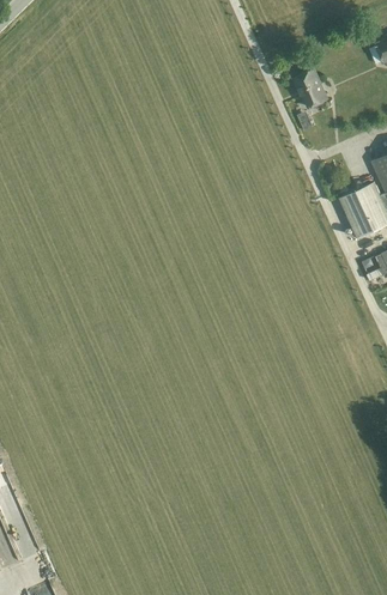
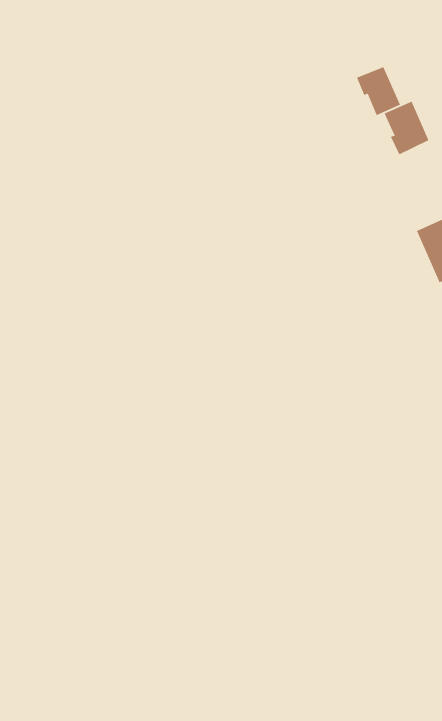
building: none -> [384,101,429,155]

